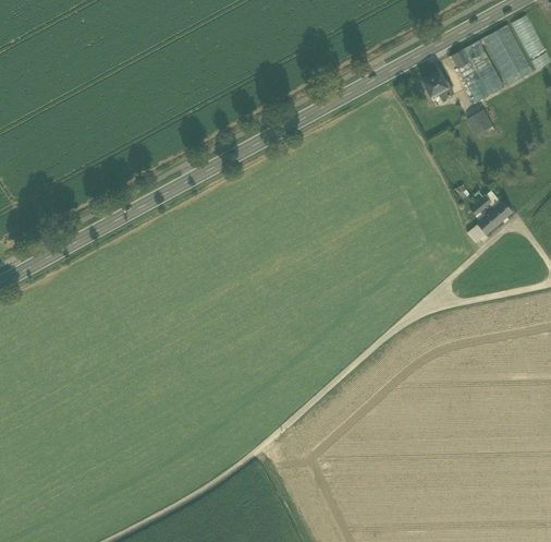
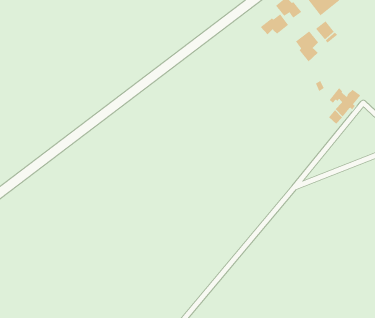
building: none -> [260,14,289,35]
building: none -> [295,31,319,62]

